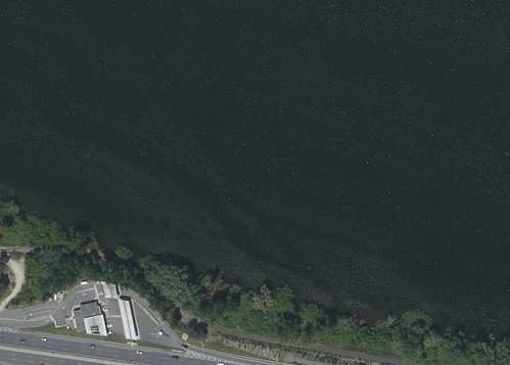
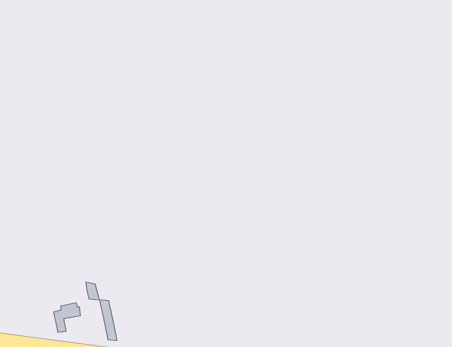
building: [83,313,106,335] -> none

